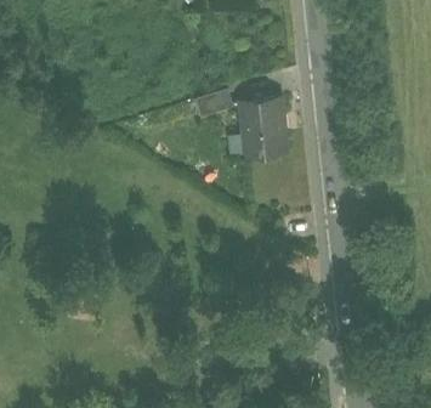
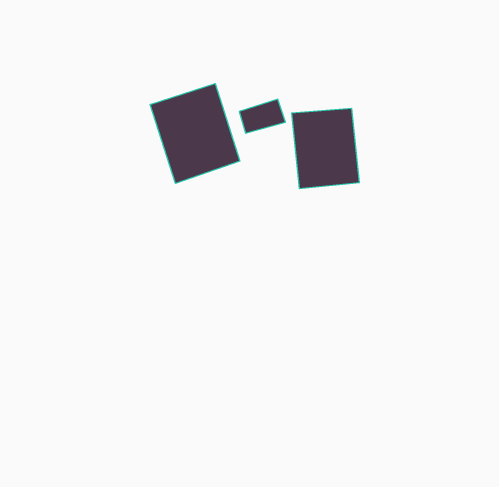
building: none -> [150,84,240,183]

